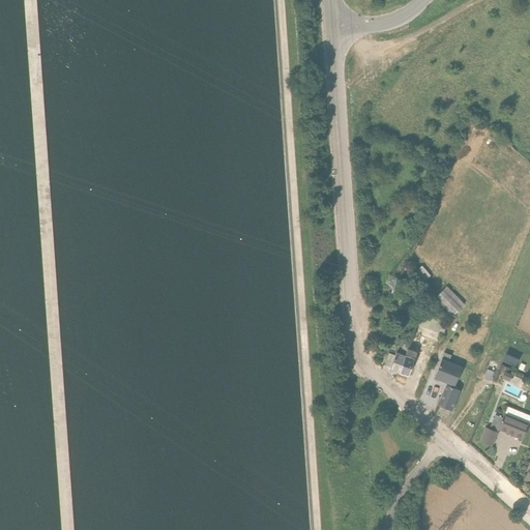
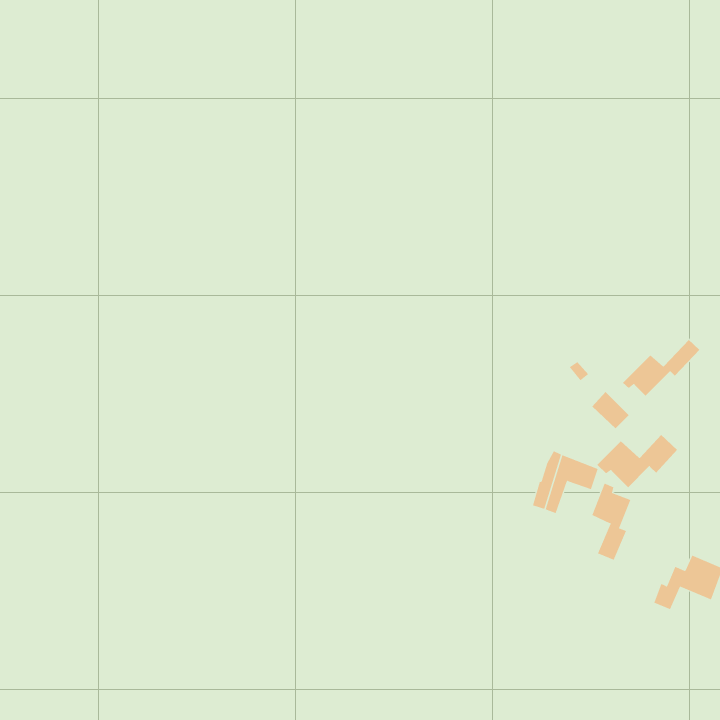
building: none -> [622,339,700,397]
building: none -> [596,434,678,488]

